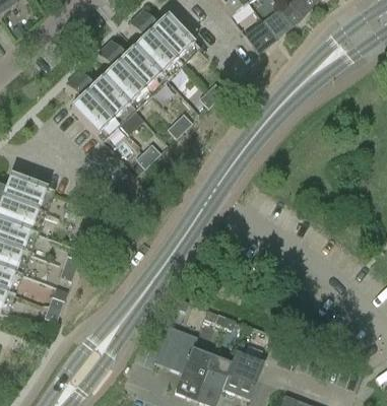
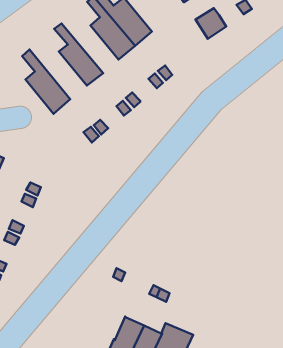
building: [104,39,166,94] -> none
building: [72,69,142,133] -> none
building: [153,324,195,371] -> none

